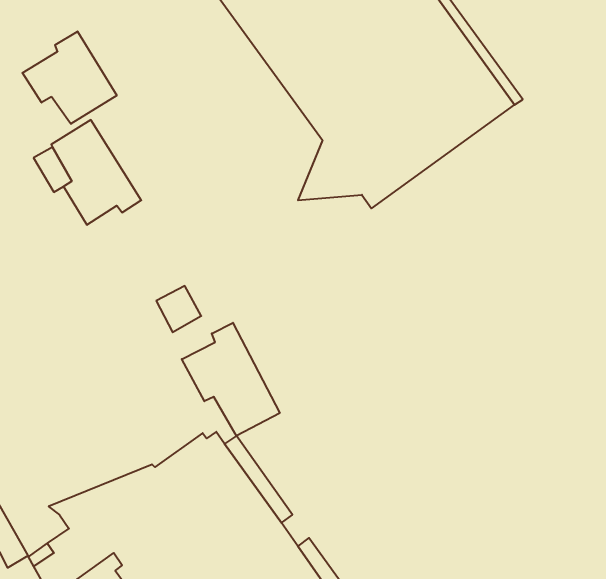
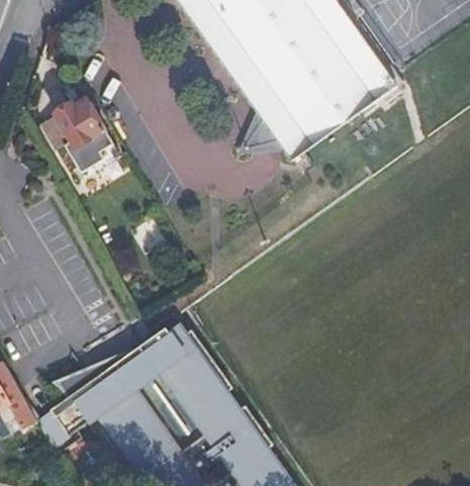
building: [22,31,117,124] -> none
building: [182,323,280,436] -> none

